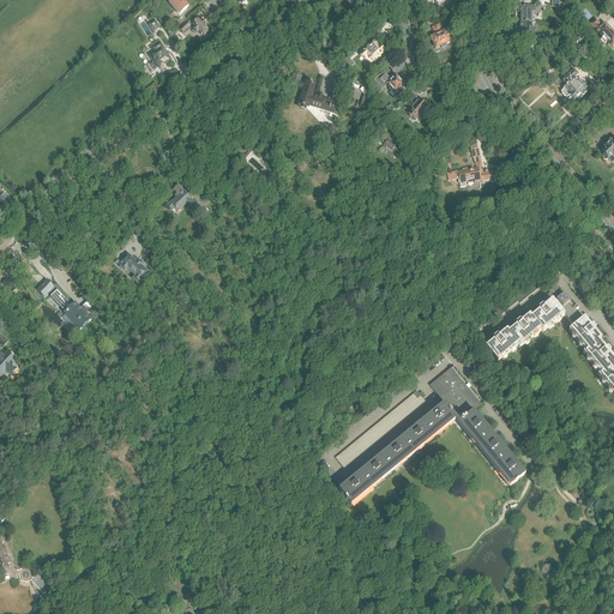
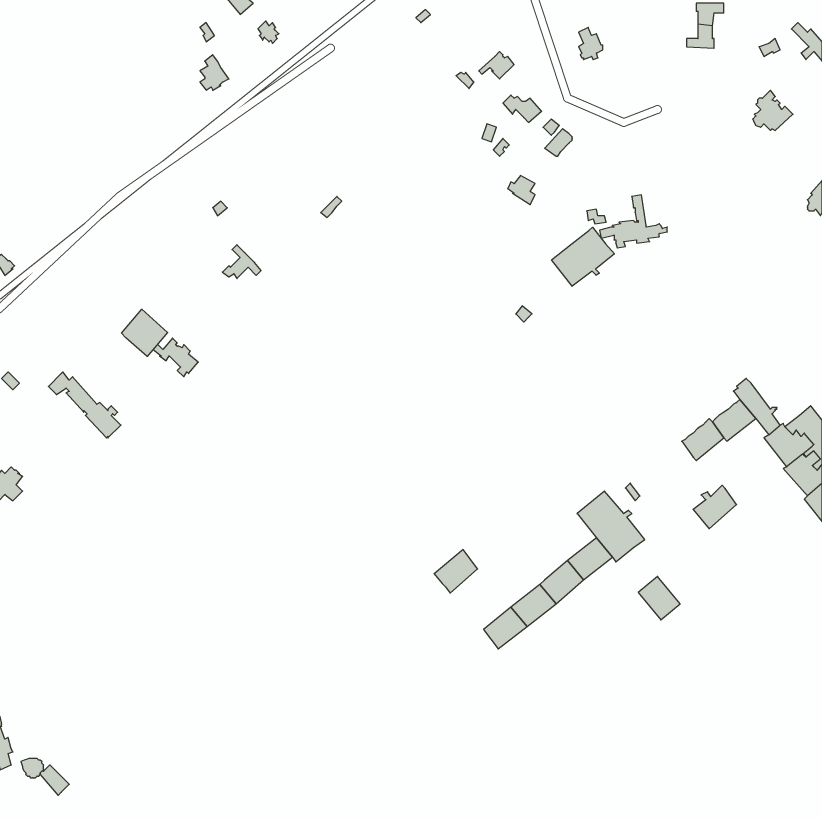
building: [297,78,336,114] -> none
building: none -> [552,227,614,286]
building: none -> [122,309,168,356]
building: [483,326,516,359] -> [693,485,737,529]
building: [457,408,489,441] -> none
building: [492,450,524,483] -> none
building: [338,469,371,501] -> [434,550,478,593]

